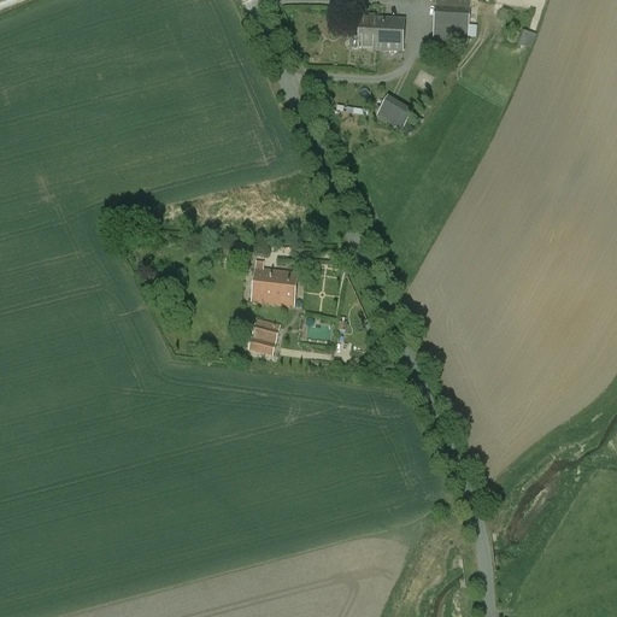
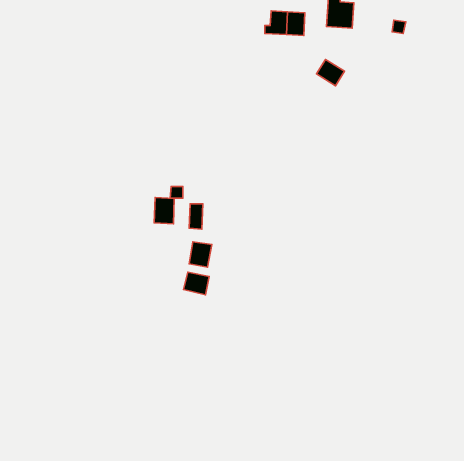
building: [375,93,412,128] -> [316,59,345,86]
building: [268,270,294,305] -> [154,198,174,224]
building: none -> [183,272,209,295]

